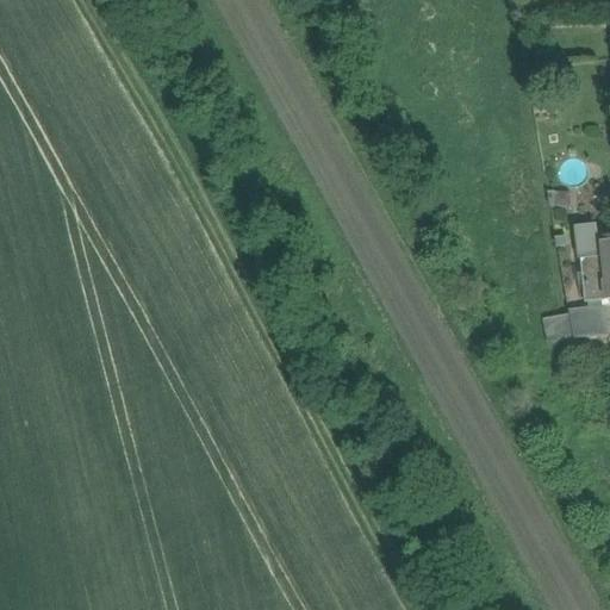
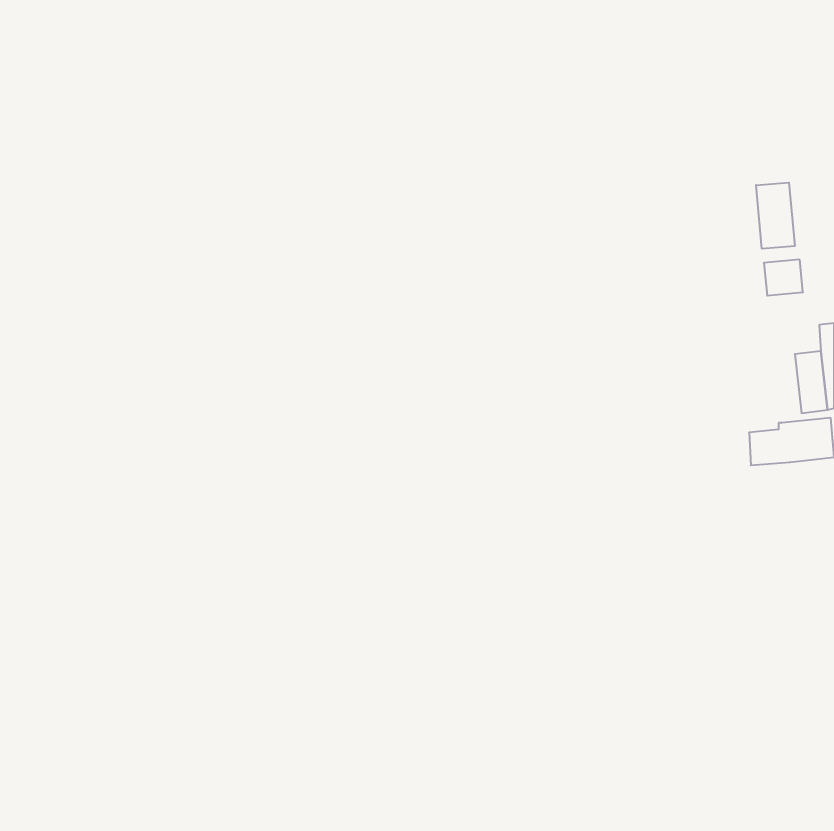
building: none -> [756,183,795,249]
building: [574,223,599,259] -> none

